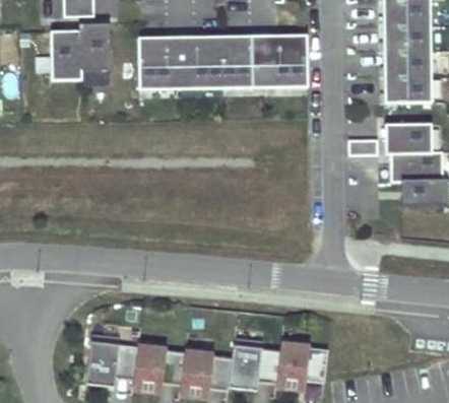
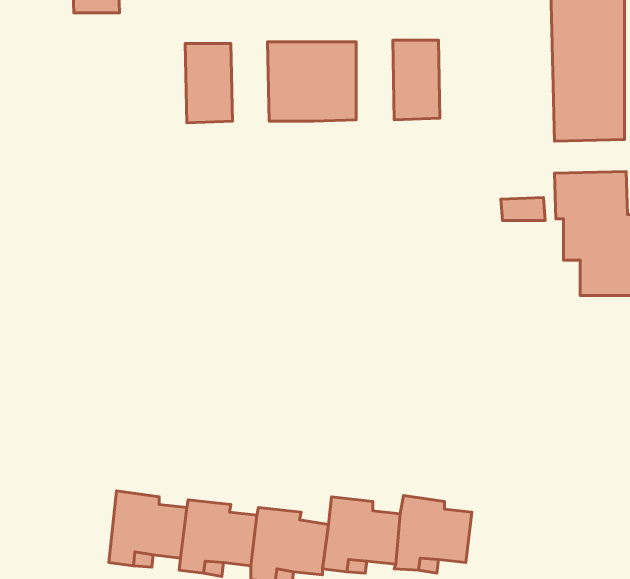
building: [52,24,110,80] -> none
building: [253,36,278,88] -> none
building: [170,37,195,89] -> none

